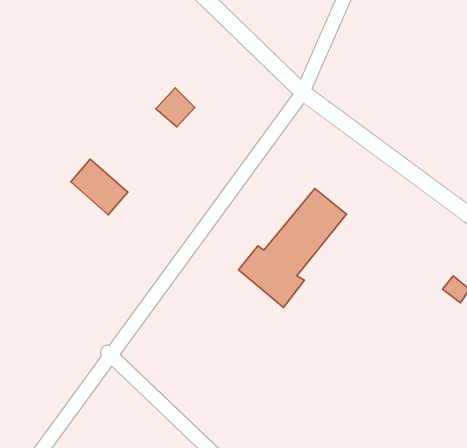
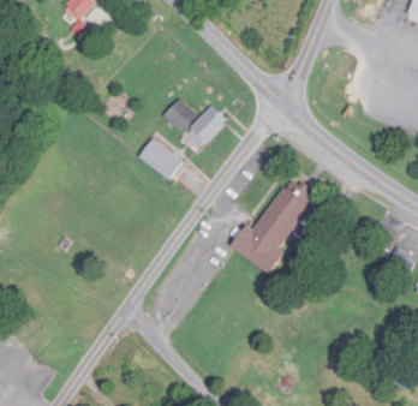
building: none -> [187,105,227,144]
building: [71,159,128,215] -> [137,137,183,181]

